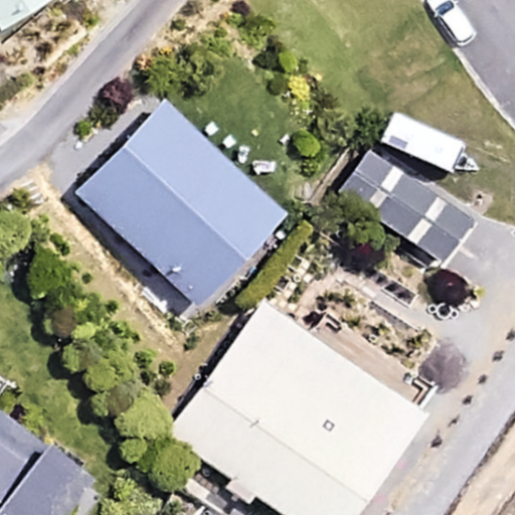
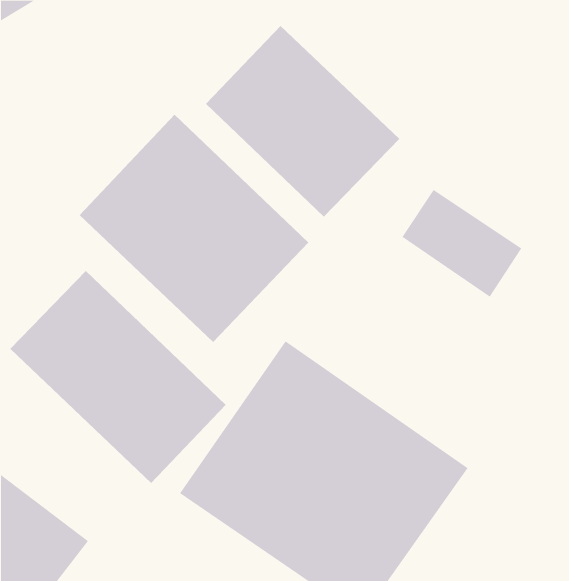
building: none -> [205,25,400,218]
building: none -> [10,270,226,484]

